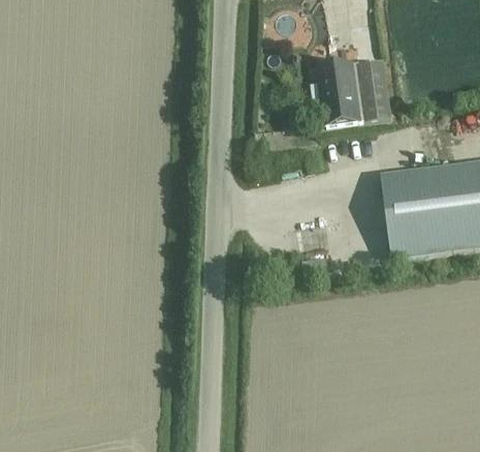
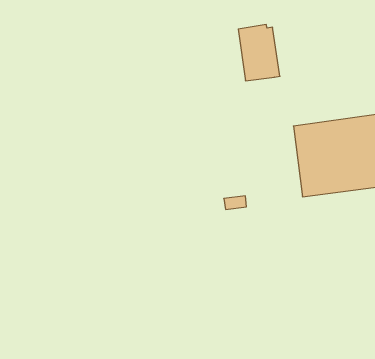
building: [358,56,392,116] -> none

